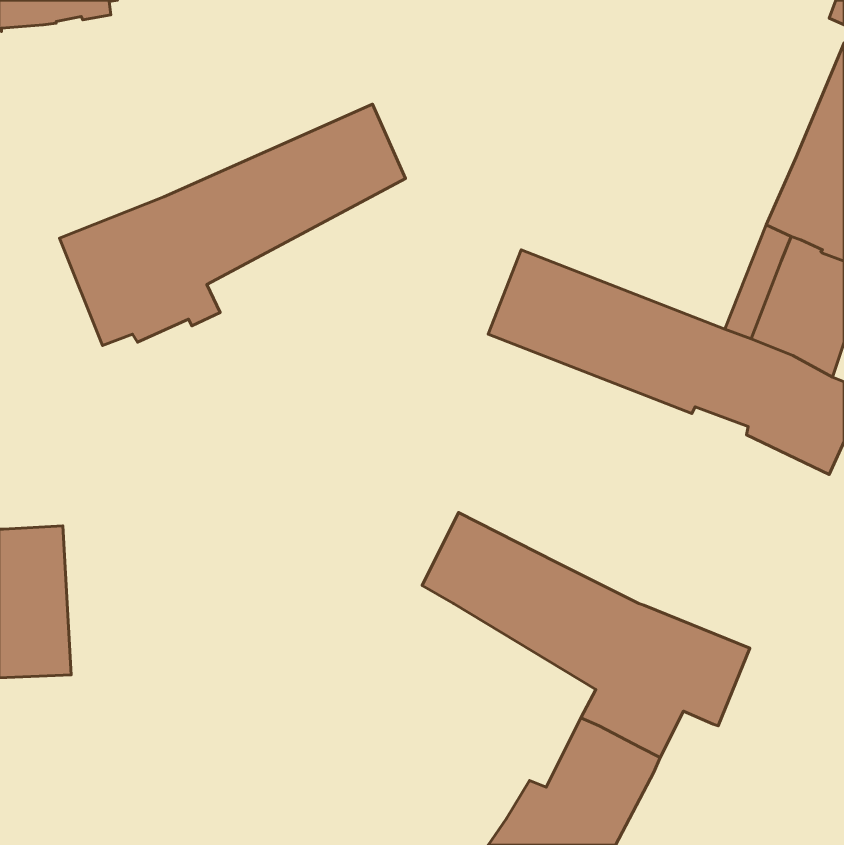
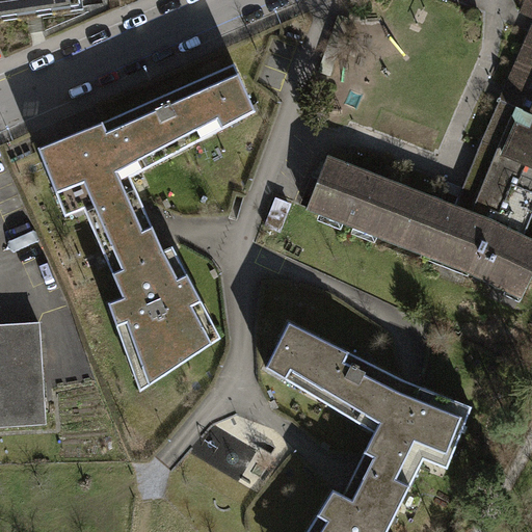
building: none -> [86,196,213,378]

